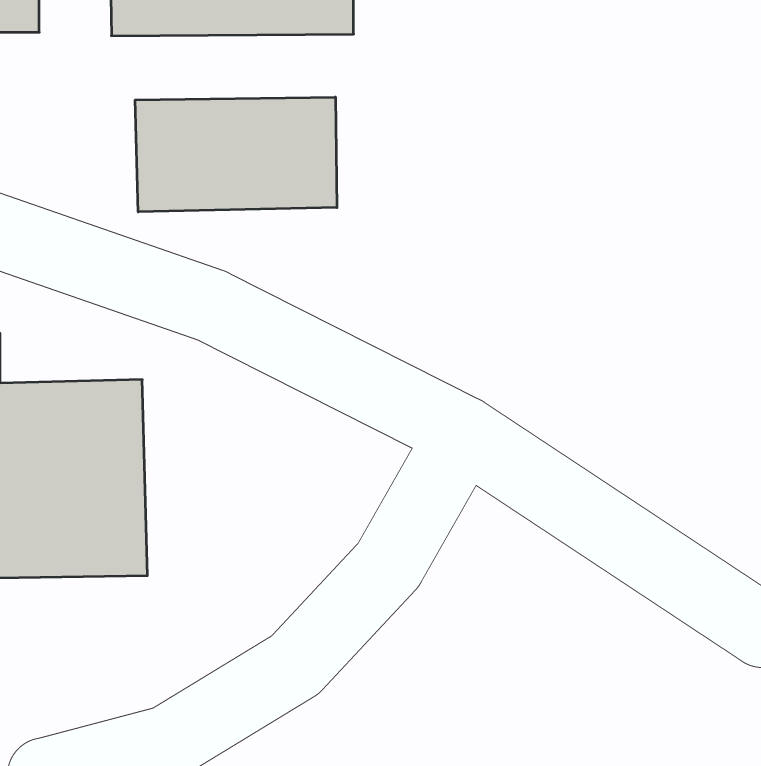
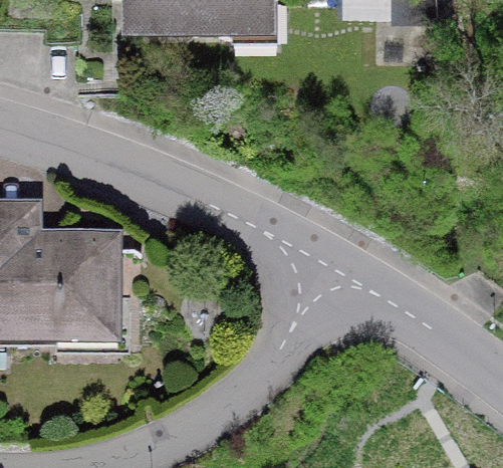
building: [135,97,337,212] -> none

